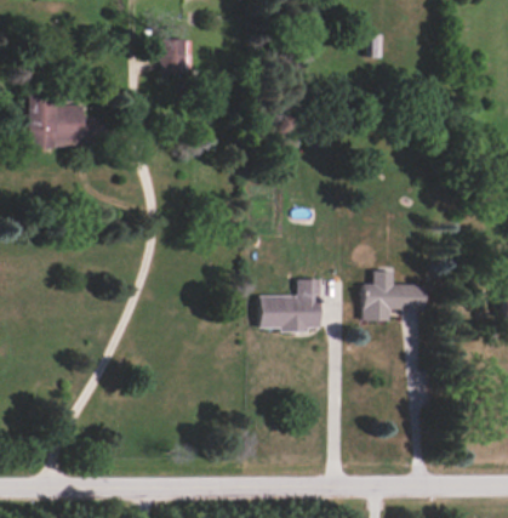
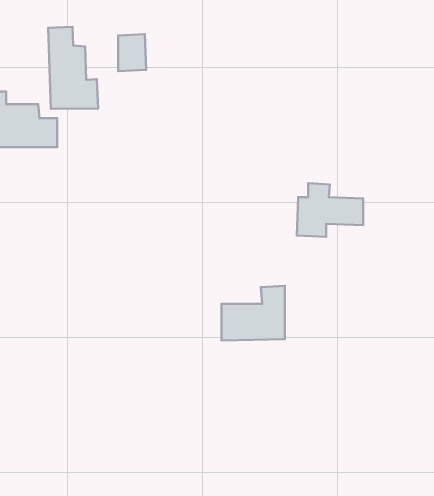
building: none -> [48,27,98,109]
building: [363,269,426,320] -> [297,183,363,237]

